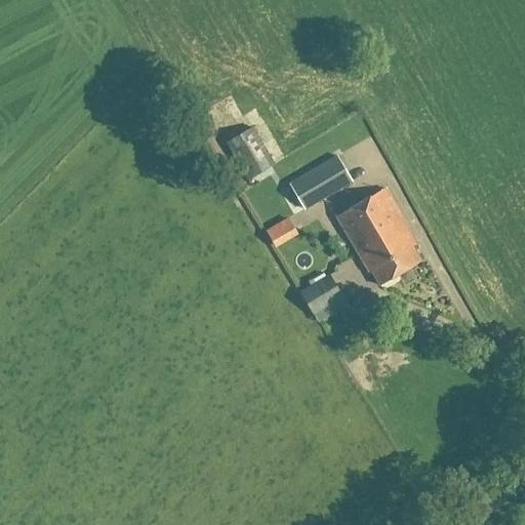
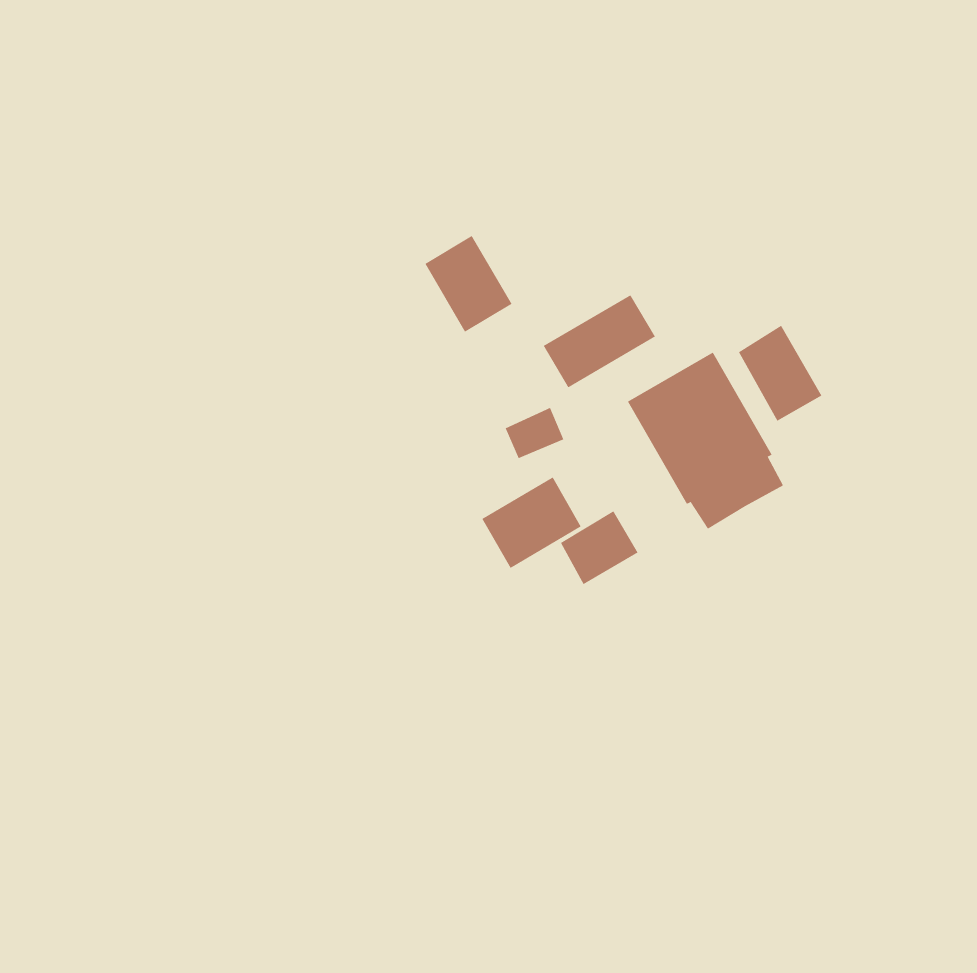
building: none -> [738,325,822,422]
building: none -> [481,476,582,569]

